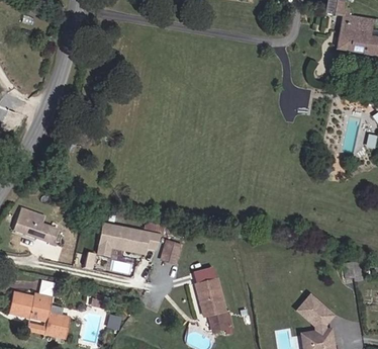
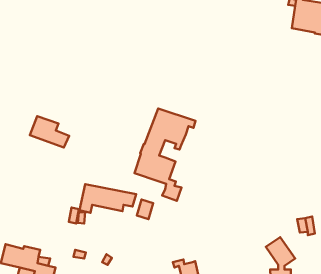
building: none -> [135,108,196,201]
building: [13,207,58,243] -> [30,116,69,148]
building: [195,277,224,314] -> none

